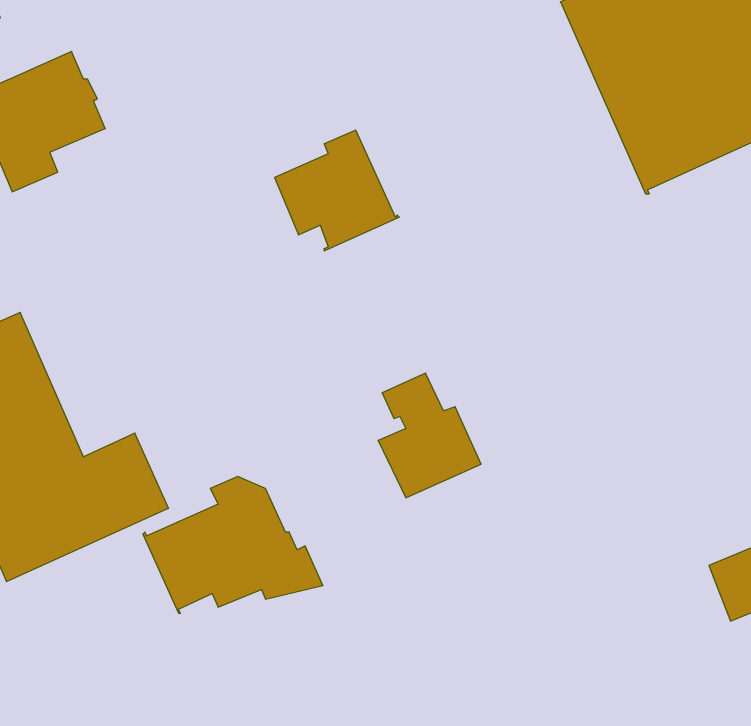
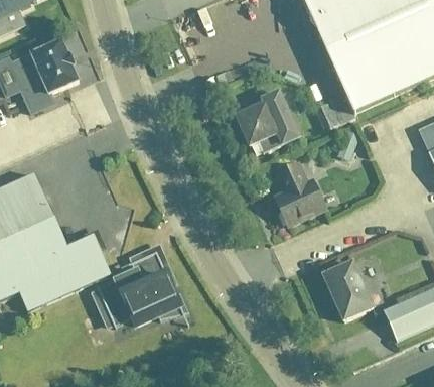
building: [275,130,399,251] -> [237,90,300,151]
building: [378,373,481,498] -> [273,160,325,224]
building: none -> [323,260,373,318]

